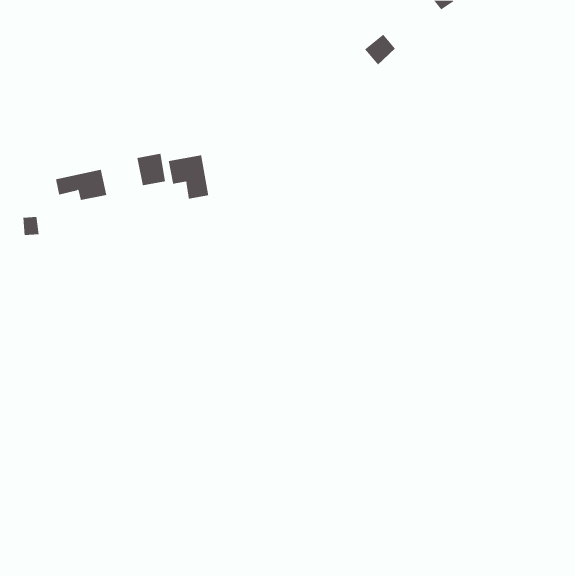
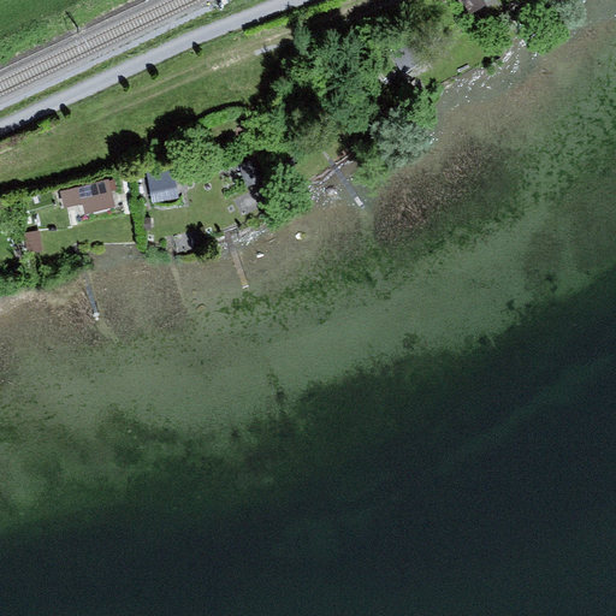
building: [168,154,209,200] -> none

